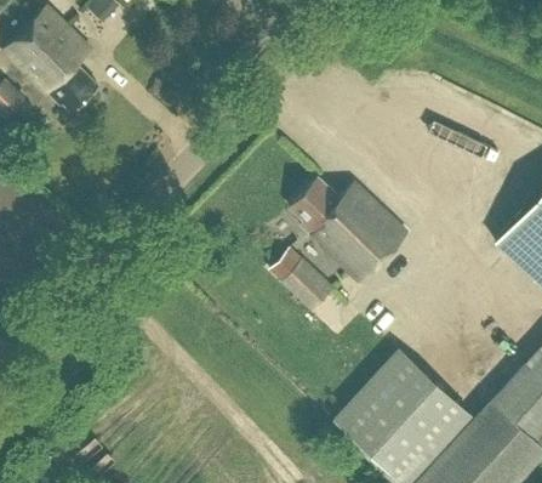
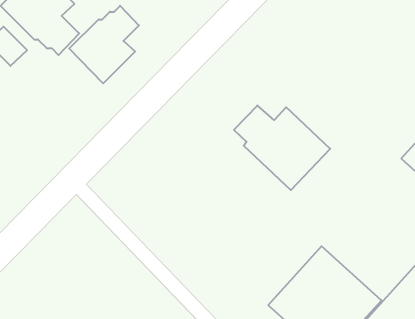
building: none -> [69,6,139,83]
building: [268,249,333,312] -> none

